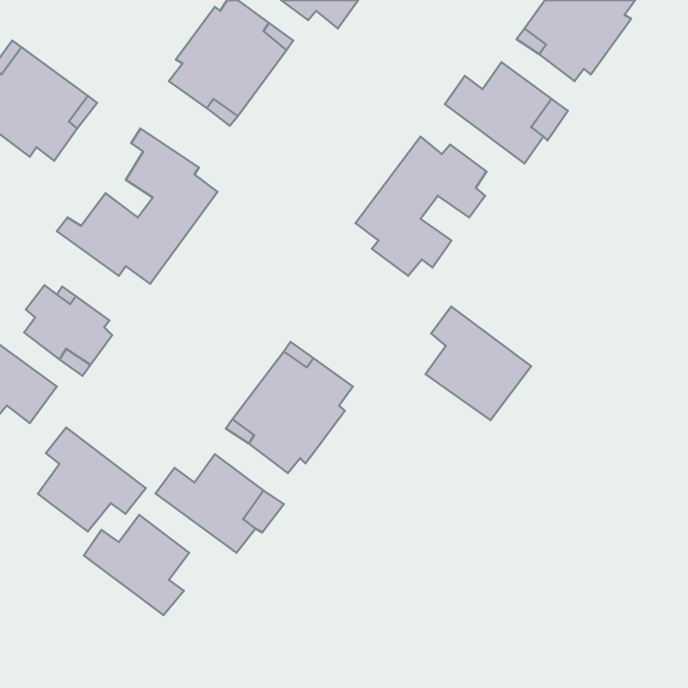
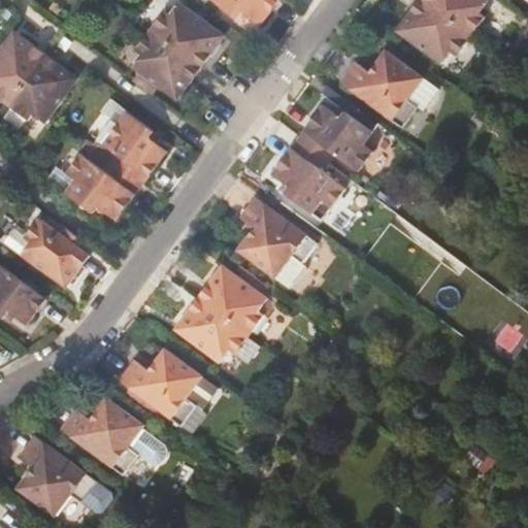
building: [426,307,531,420] -> [234,195,315,282]
building: [38,427,146,532] -> [21,439,103,519]

